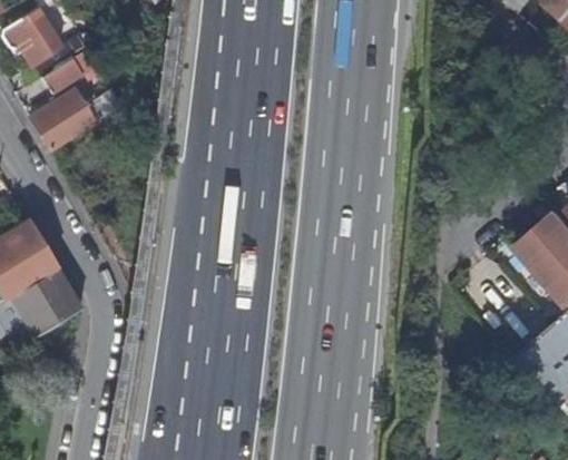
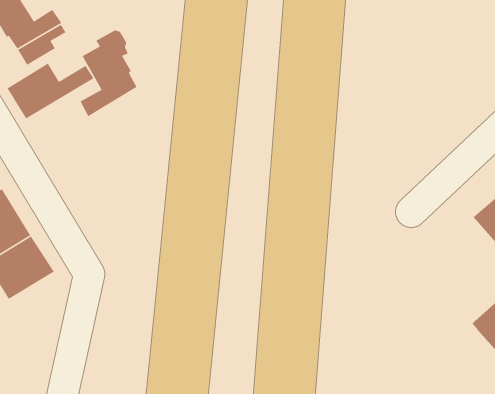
building: none -> [80,29,137,117]

